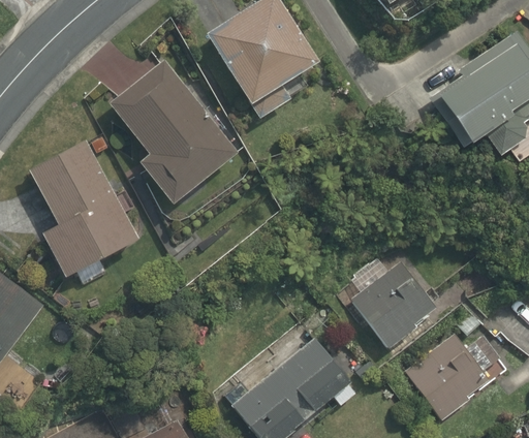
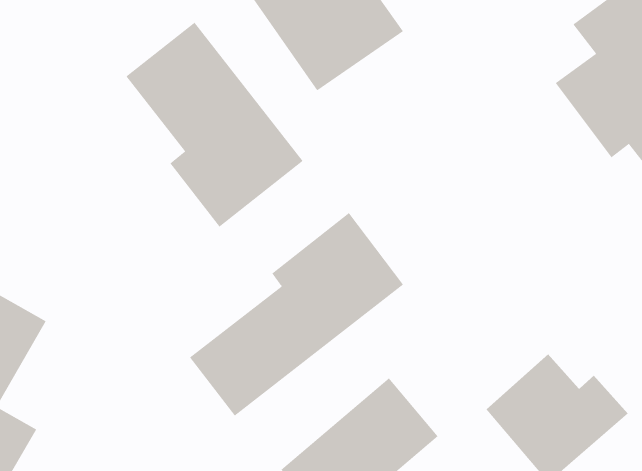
building: [24,135,142,285] -> none
building: none -> [189,212,404,416]
building: [339,252,437,350] -> none

